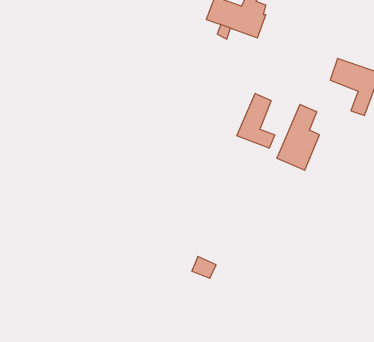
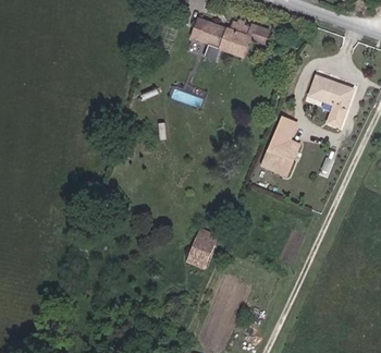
building: [237,93,275,148] -> none
building: none -> [190,229,217,260]

